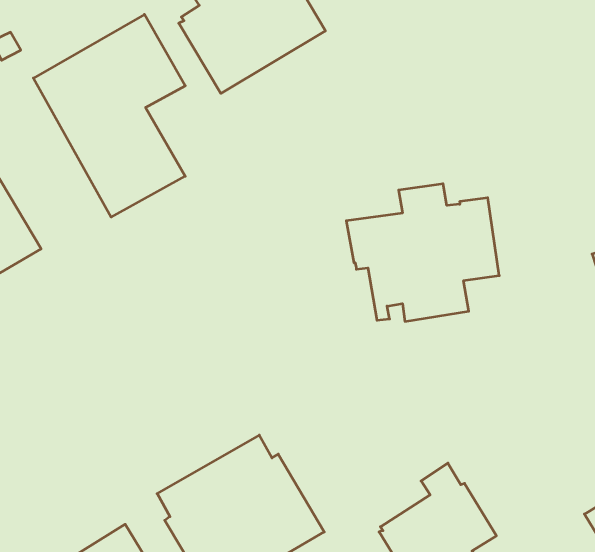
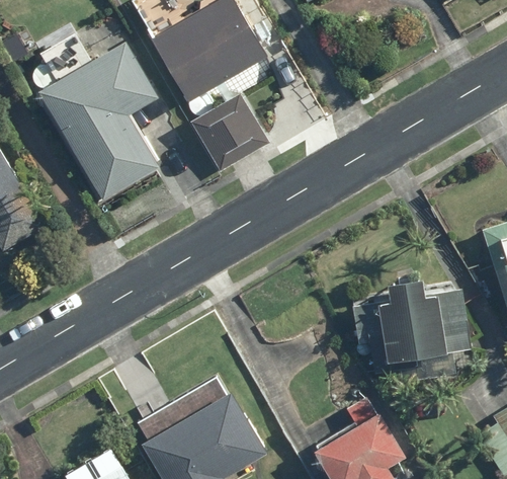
building: none -> [191,94,267,172]
building: [346,184,499,321] -> [350,276,472,386]

